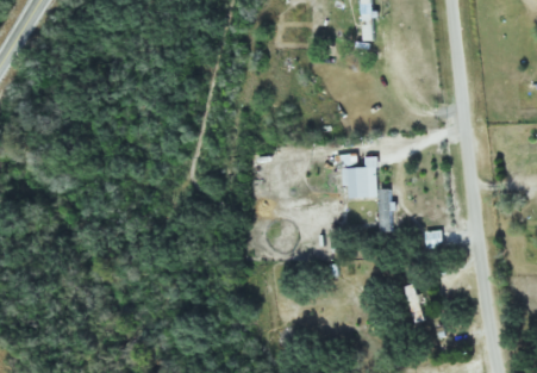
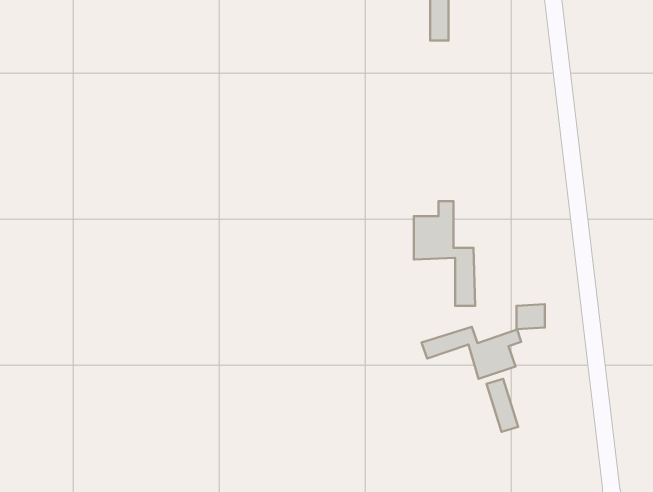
building: none -> [422,327,521,379]

